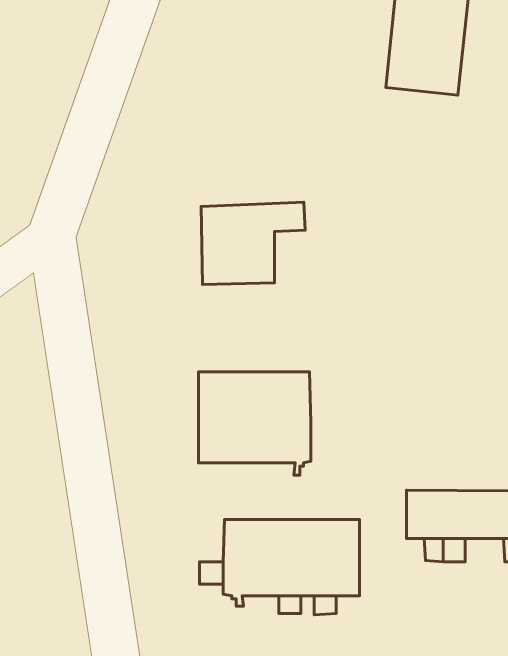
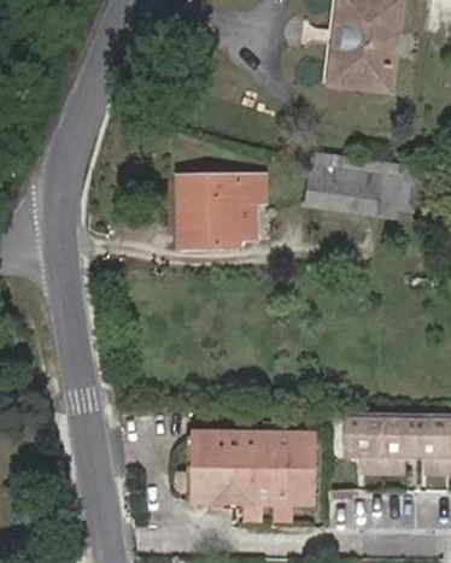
building: none -> [305,153,405,216]
building: [199,372,311,475] -> none

